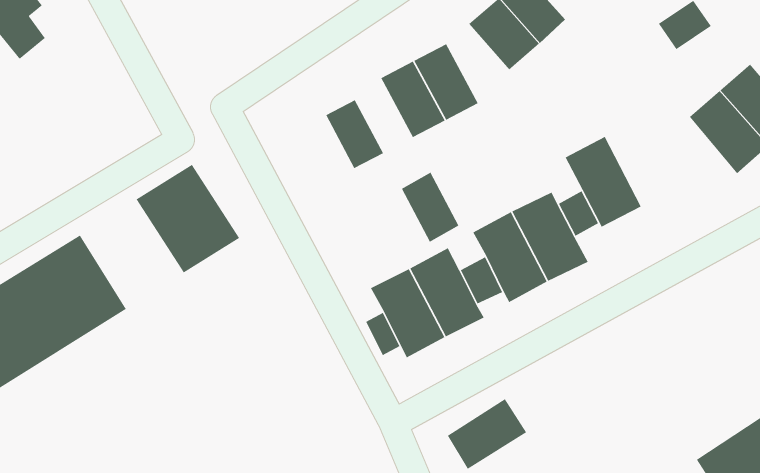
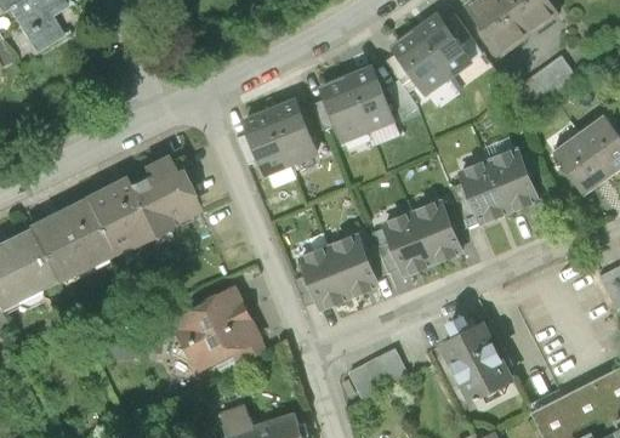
building: none -> [489,144,546,215]
building: [401,171,459,243] -> [251,121,294,176]
building: none -> [79,172,155,256]
building: none -> [165,286,268,380]
building: none -> [438,319,518,404]

